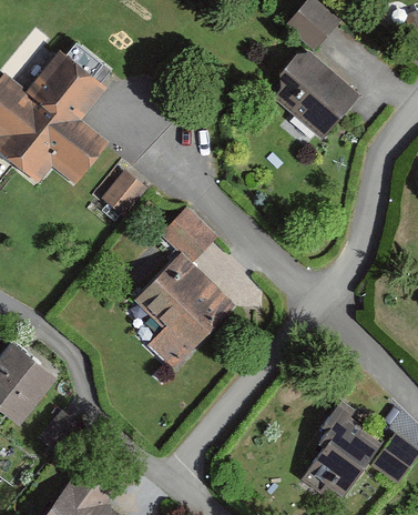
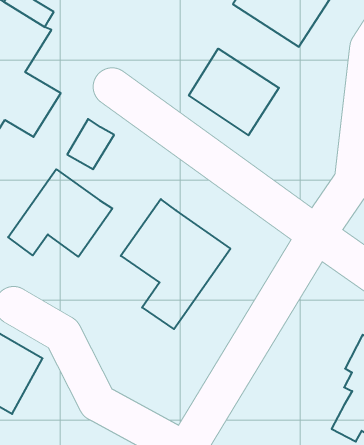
building: none -> [189,49,279,135]
building: [161,206,217,264] -> none
building: none -> [8,169,112,257]

